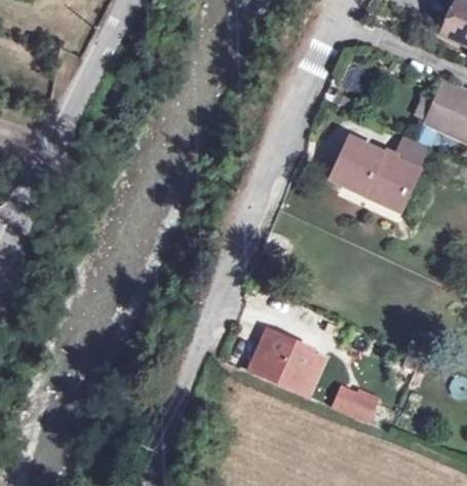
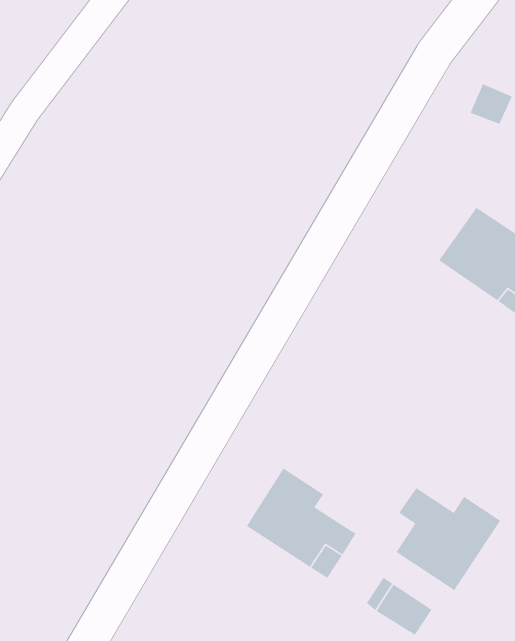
building: none -> [395,487,501,591]

